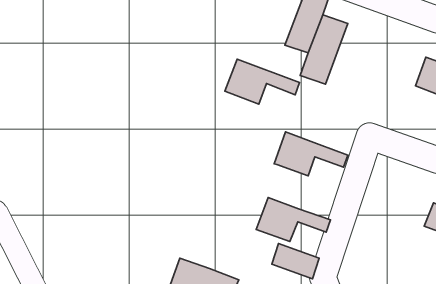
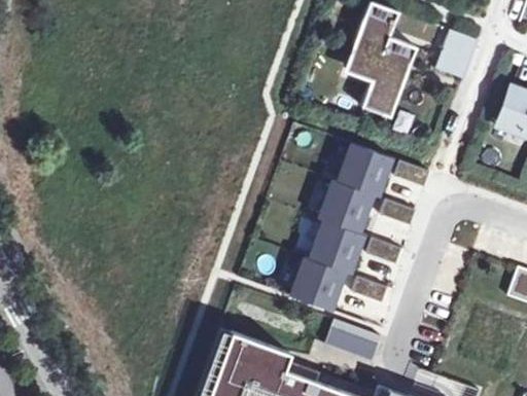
building: none -> [433,29,475,77]
building: [225,59,299,104] -> [342,139,430,192]
building: none -> [317,216,406,268]

